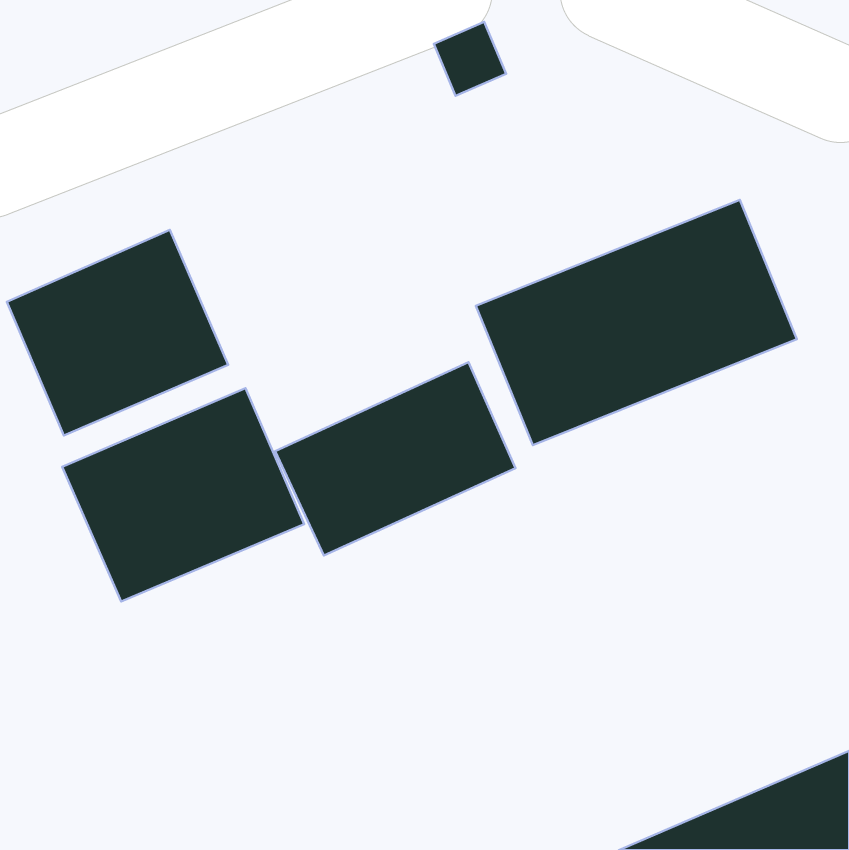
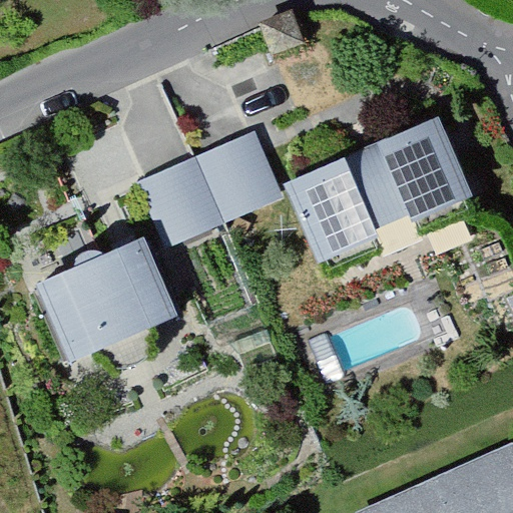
building: [7,230,228,435] -> none
building: [275,362,516,555] -> [136,130,280,245]

